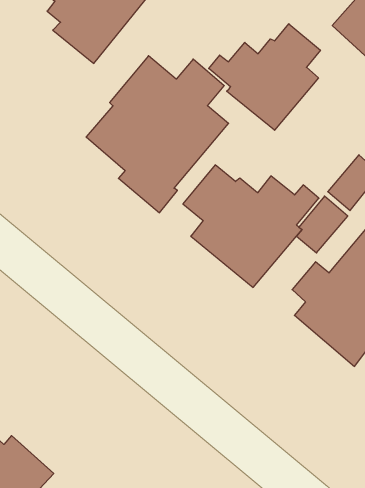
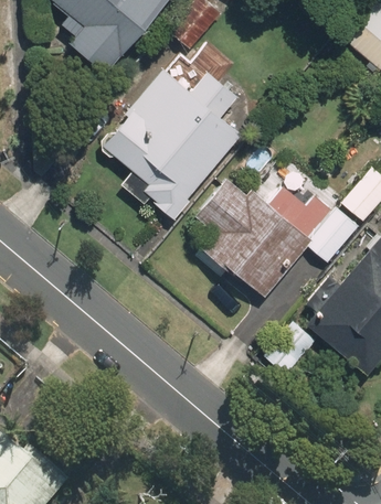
building: [209,24,320,130] -> none

